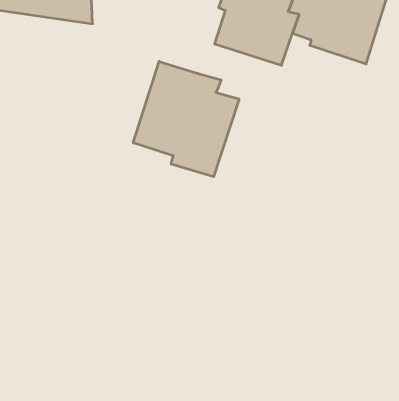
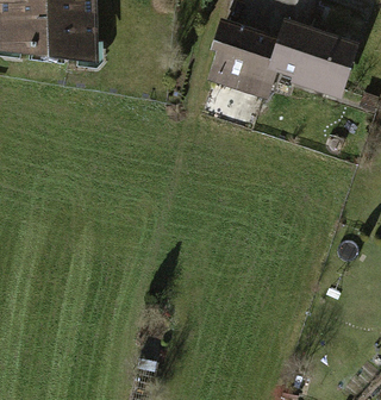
building: [133,61,239,177] -> none

